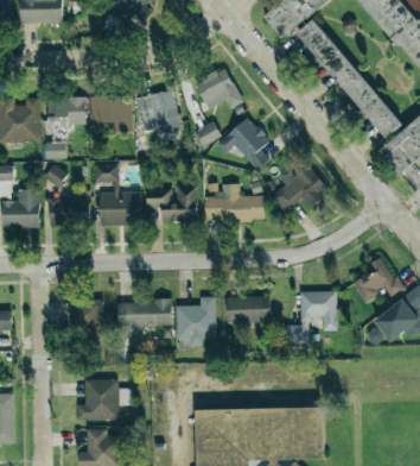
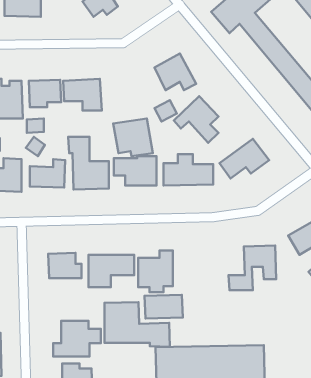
building: [135,92,182,136] -> [113,119,153,156]
building: [225,296,271,323] -> [144,295,183,318]
building: none -> [105,302,170,347]

